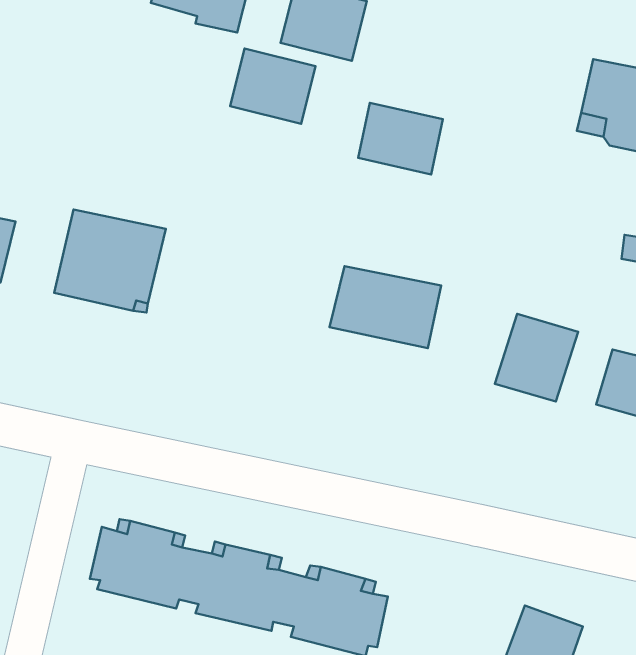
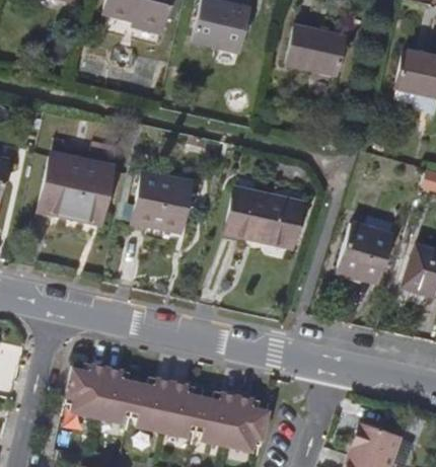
building: [230,48,316,124] -> none
building: [358,103,443,174] -> [287,25,345,74]
building: none -> [133,171,192,231]

